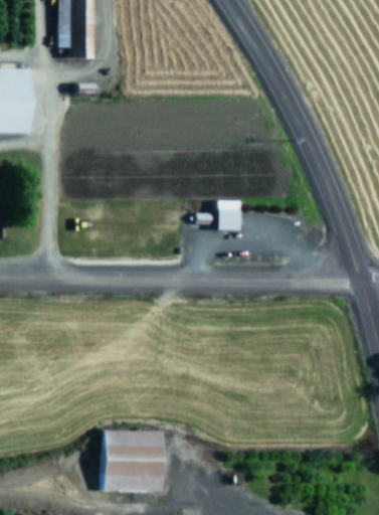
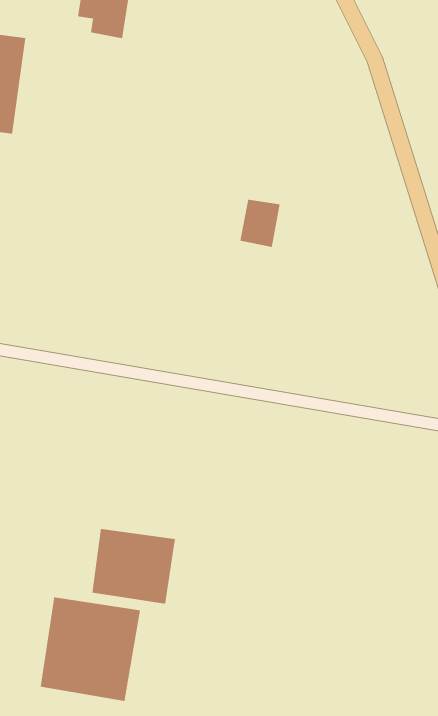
building: [219,201,242,230] -> [240,199,281,247]
building: none -> [92,528,176,604]

